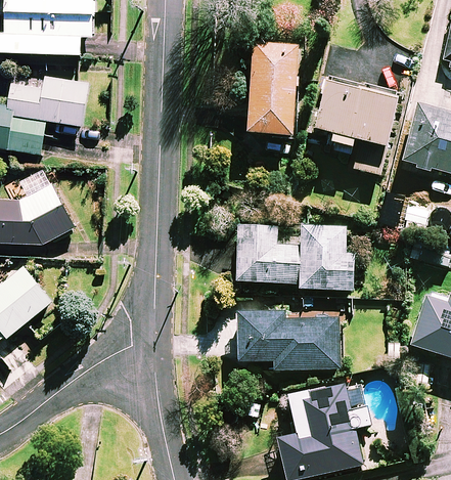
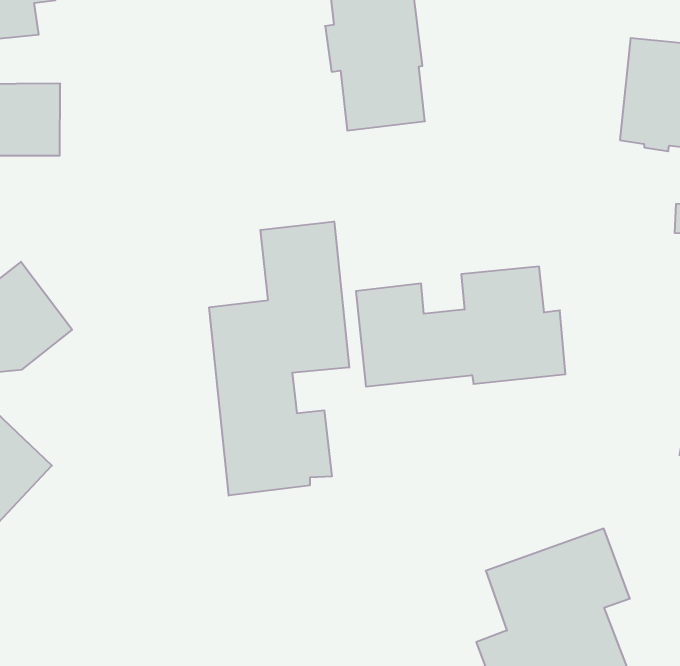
building: [314,76,399,175] -> none
building: none -> [209,221,349,496]
building: [238,300,340,370] -> none

